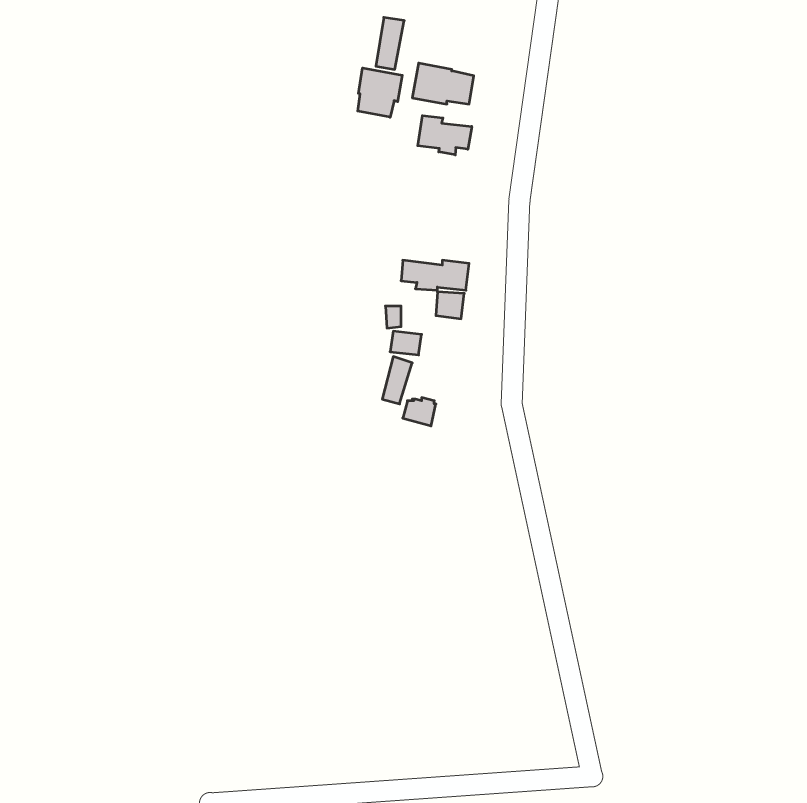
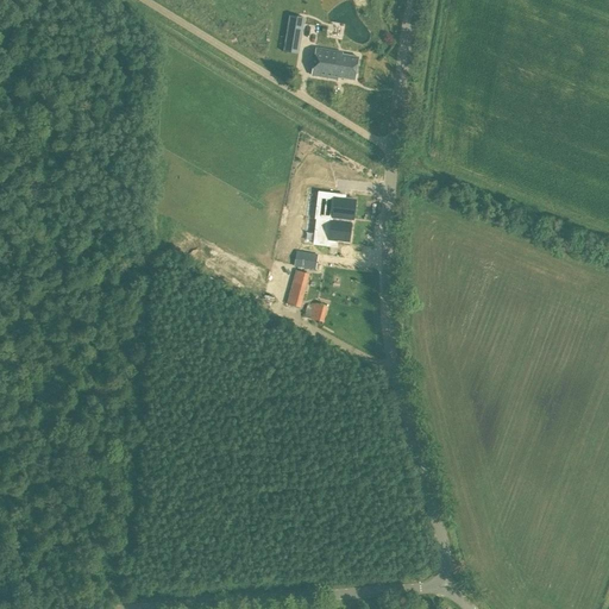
building: [358,68,402,117] -> none
building: [418,116,472,155] -> none

